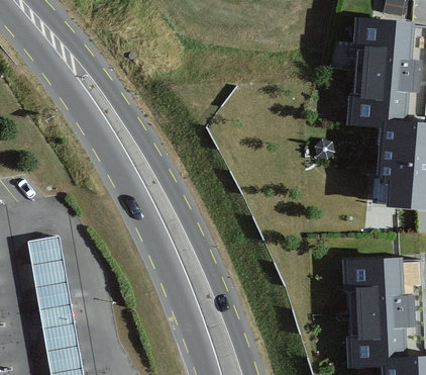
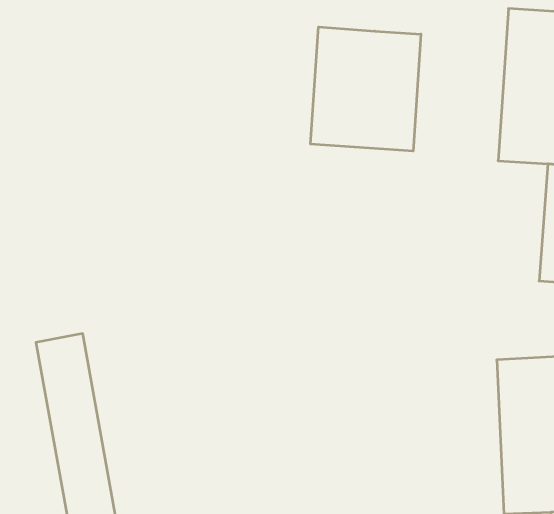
building: none -> [311,27,421,151]

